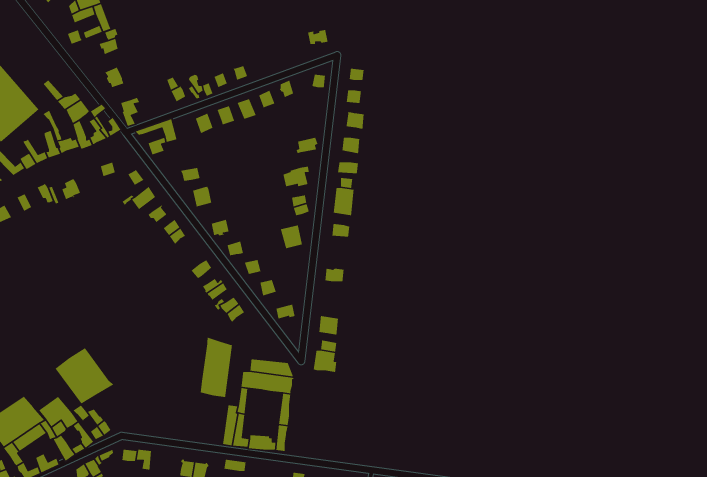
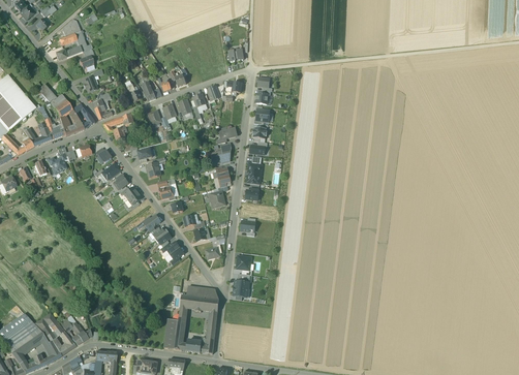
building: [200,336,233,398] -> none
building: [54,347,114,404] -> none

